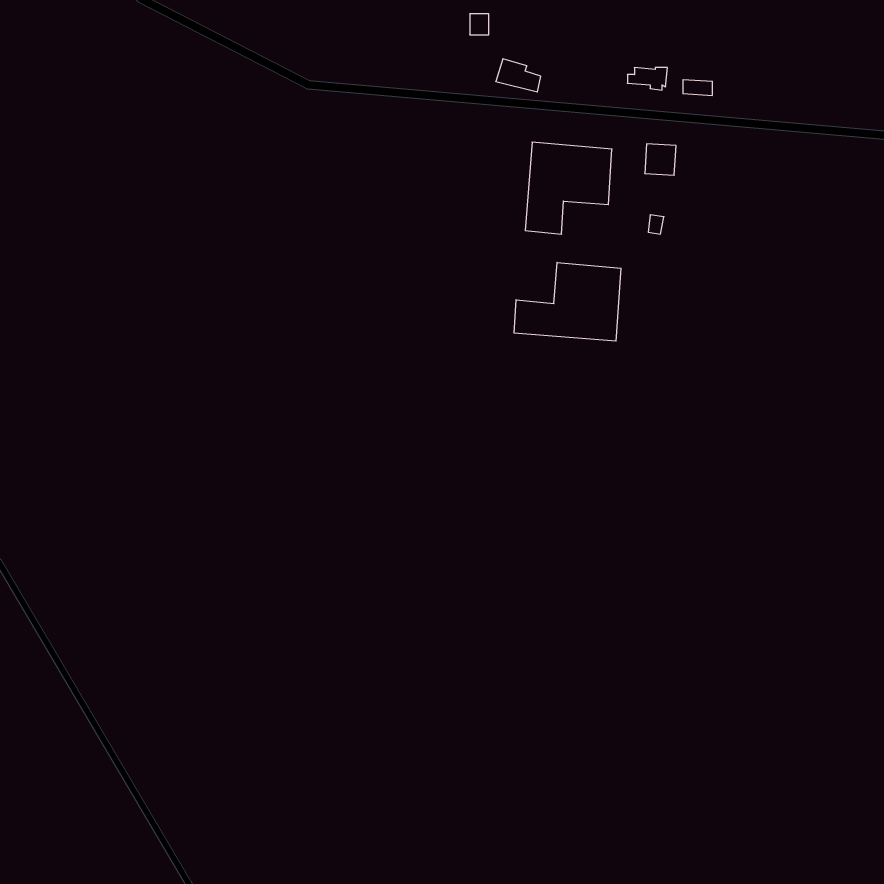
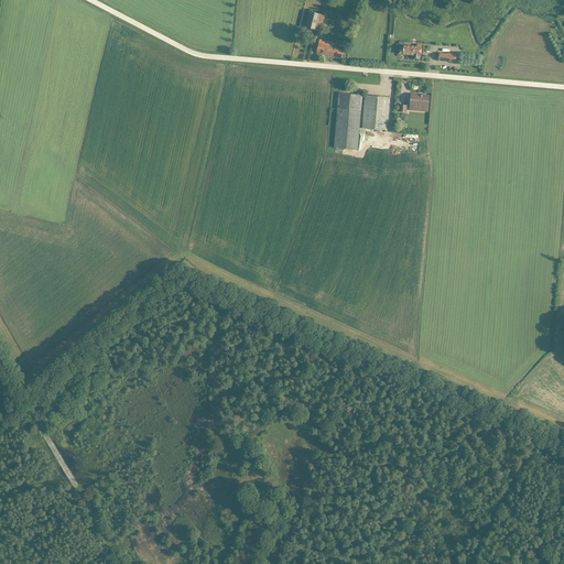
building: [514,262,621,341] -> none

